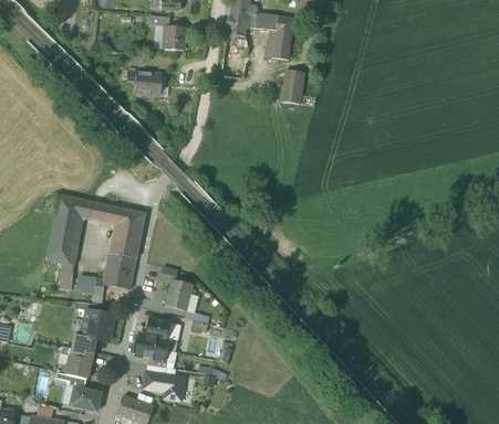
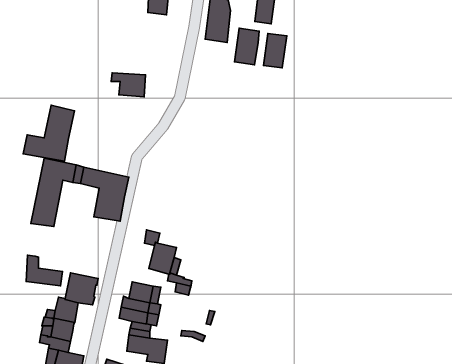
building: none -> [234,28,259,65]
building: [128,71,163,95] -> [111,73,145,97]
building: none -> [23,105,75,161]
building: [104,253,137,288] -> none
building: [62,262,98,293] -> [26,255,63,286]

